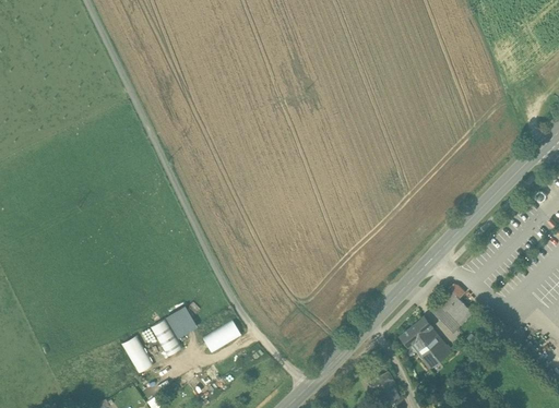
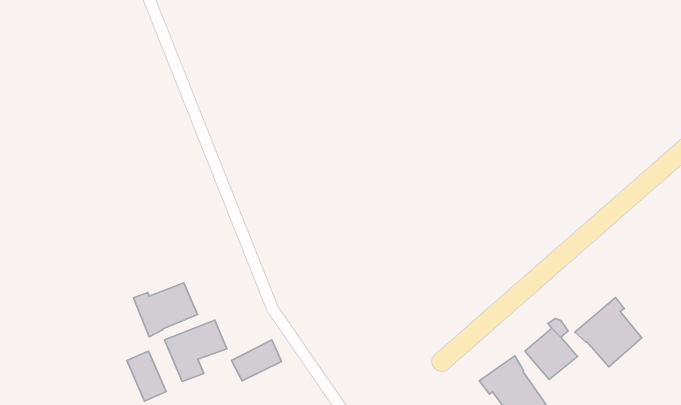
building: none -> [575,297,642,367]
building: none -> [134,283,197,337]

